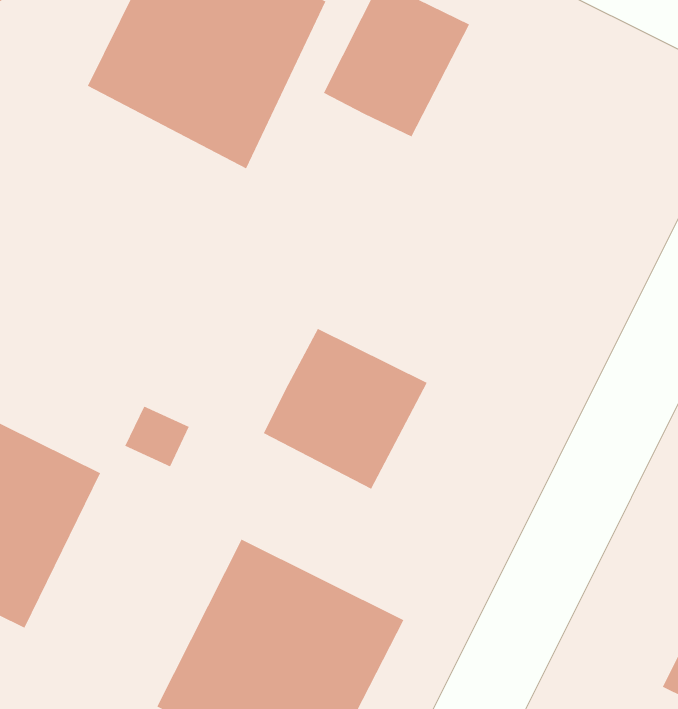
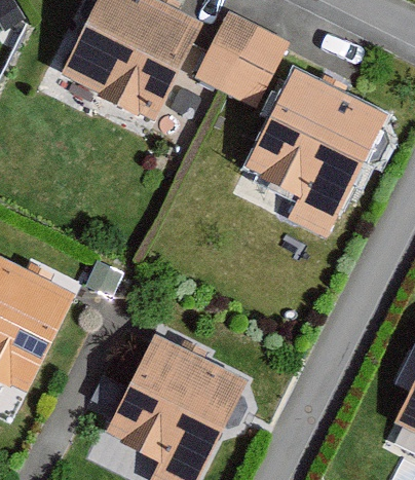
building: none -> [244,69,386,236]
building: [263,328,428,490] -> none

